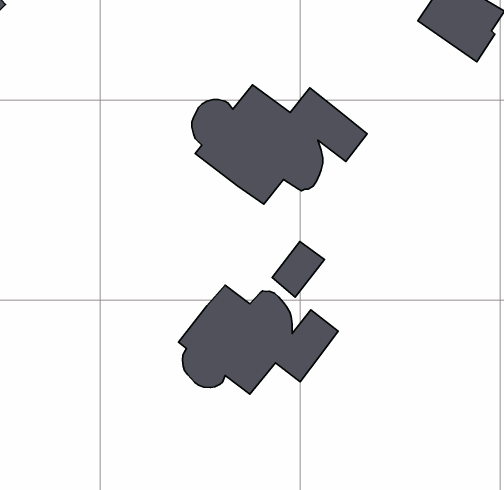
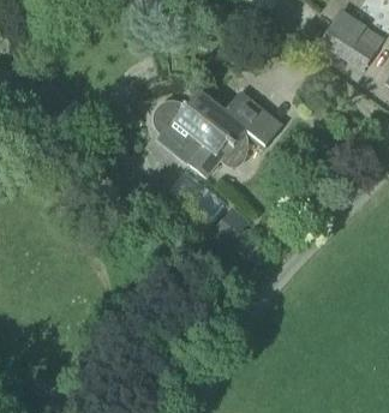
building: [178,285,338,394] -> none

